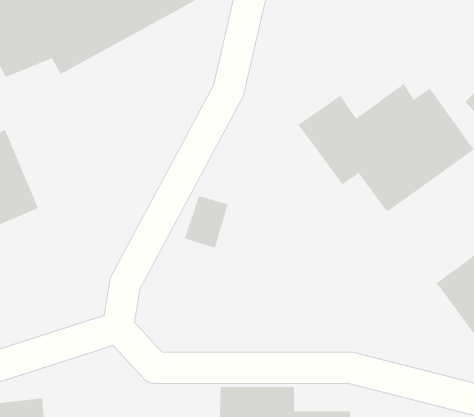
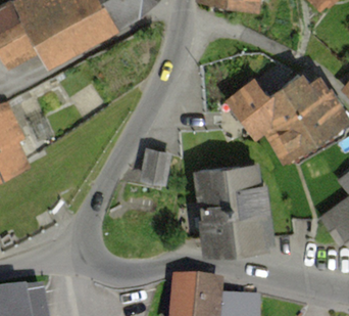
building: none -> [183,163,258,253]

